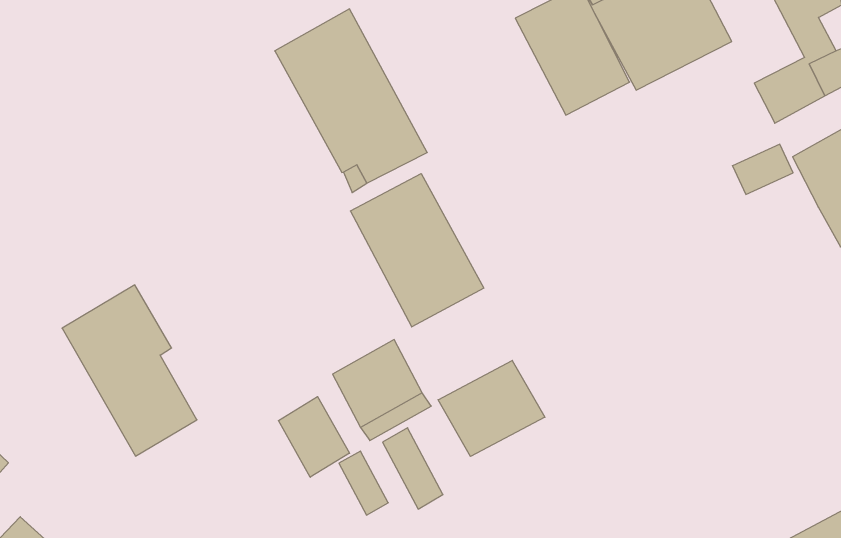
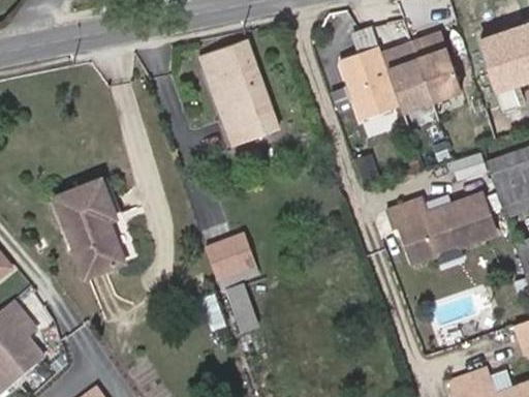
building: [350,174,484,327] -> none
building: none -> [388,192,496,264]
building: [438,360,545,456] -> none
building: [278,397,350,477] -> none

